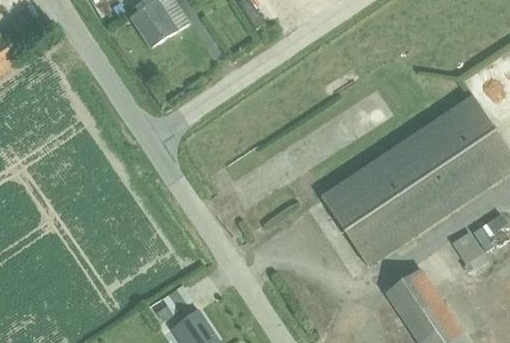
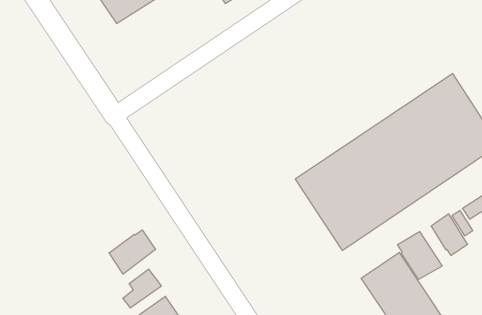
building: none -> [109,230,156,274]
building: none -> [398,232,442,280]

